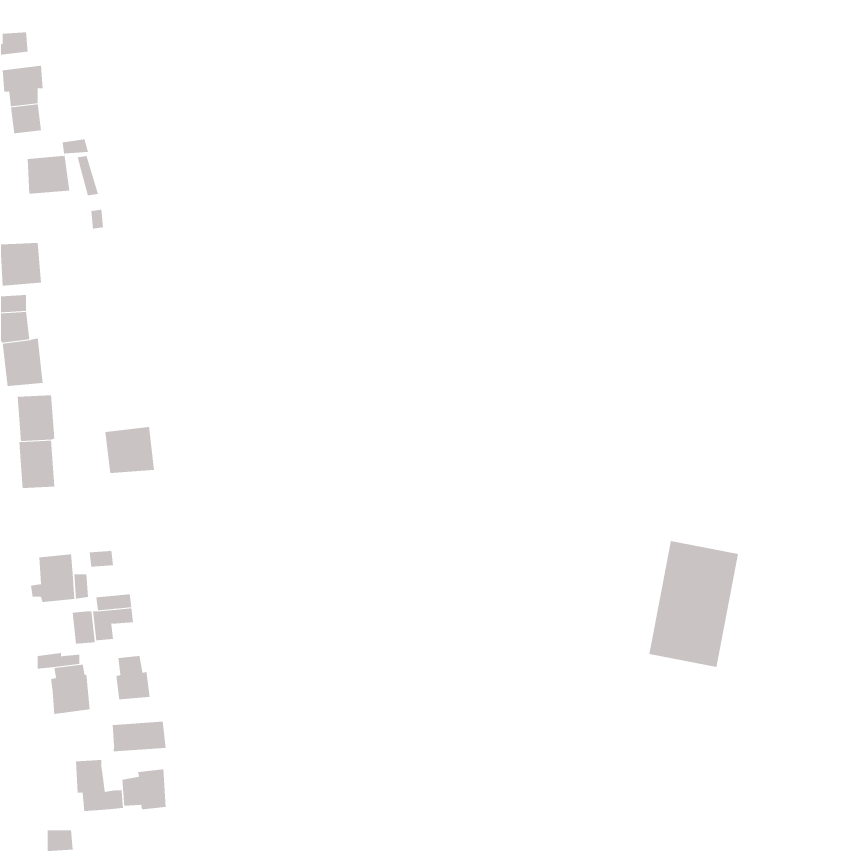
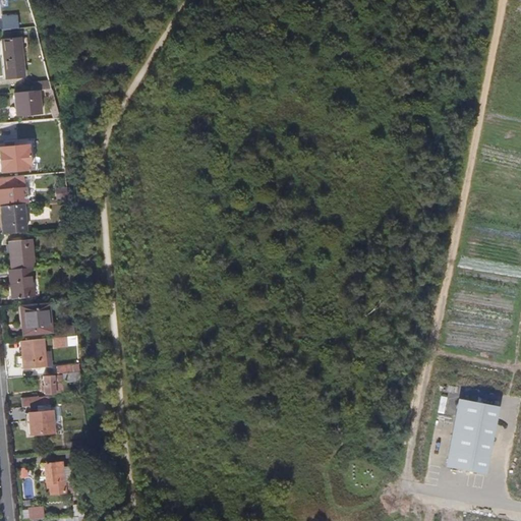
building: [105,427,155,473] -> [21,303,52,332]
building: [648,540,739,668] -> [442,399,497,476]
building: [116,655,150,700] -> none
building: [112,721,166,752] -> none
building: [122,768,166,810] -> none

